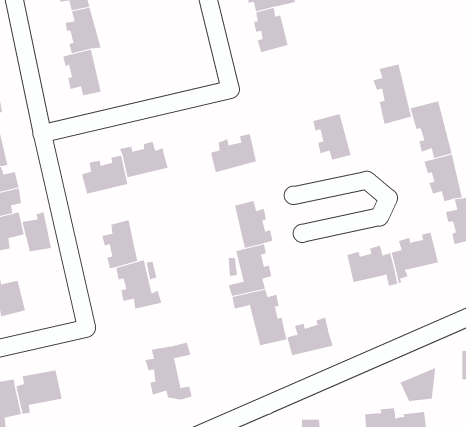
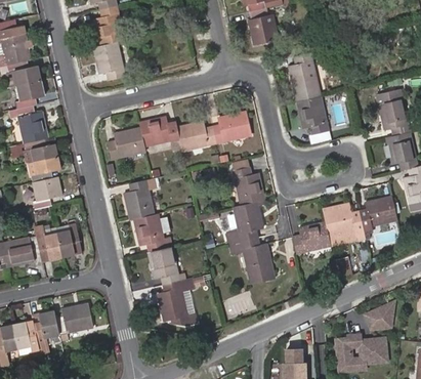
building: [373,64,412,124] -> [287,52,319,101]
building: none -> [176,122,217,152]
building: [22,212,52,252] -> [57,222,82,255]
building: none -> [151,249,182,287]
building: [287,317,333,356] -> [294,219,332,251]

